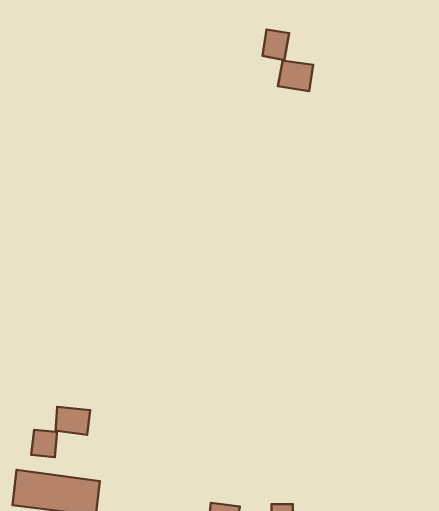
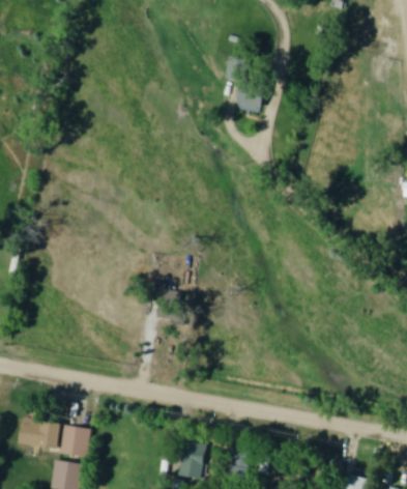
building: [31,407,90,457] -> none

